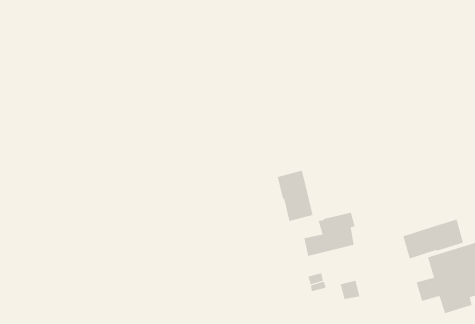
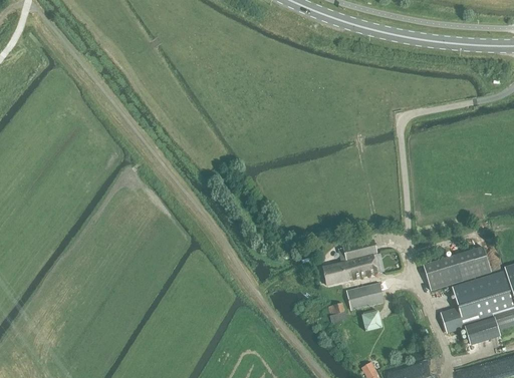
building: [277,170,313,222] -> none
building: none -> [345,282,383,310]

